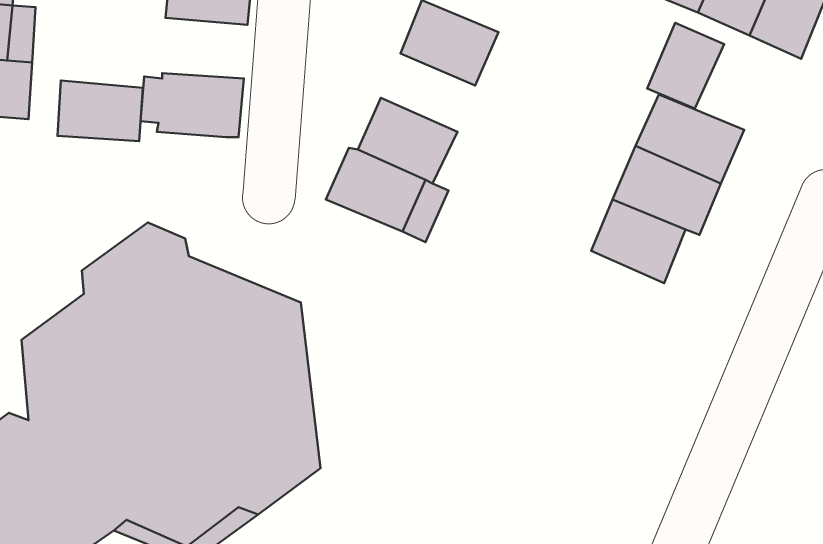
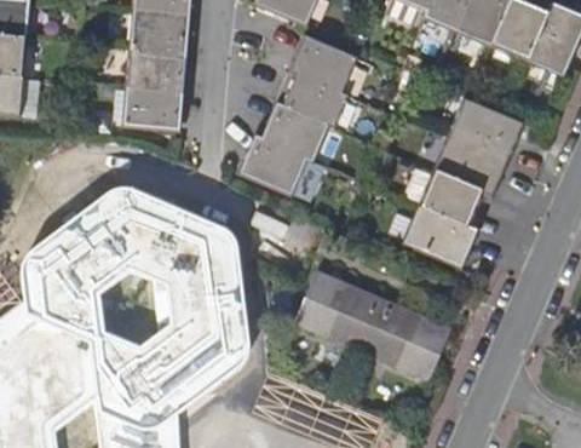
building: [647,23,724,109] -> none
building: none -> [276,70,346,125]
building: [57,81,143,141] -> [127,46,185,87]
building: none -> [403,205,477,264]
building: none -> [295,271,450,379]

